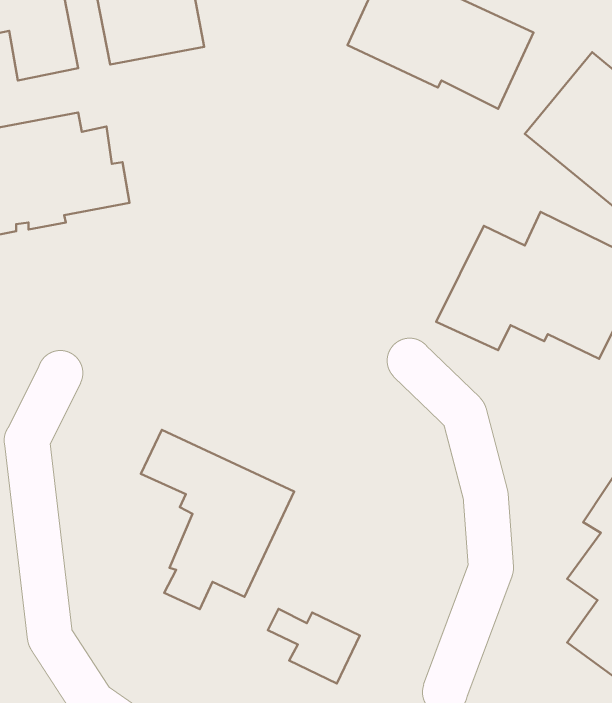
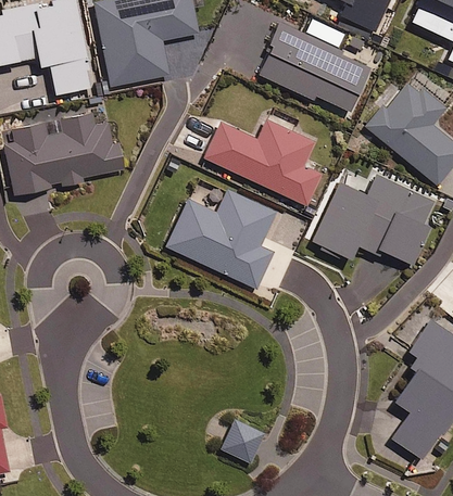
building: none -> [205,119,322,206]
building: none -> [167,190,276,289]
building: [141,430,294,609] -> none

